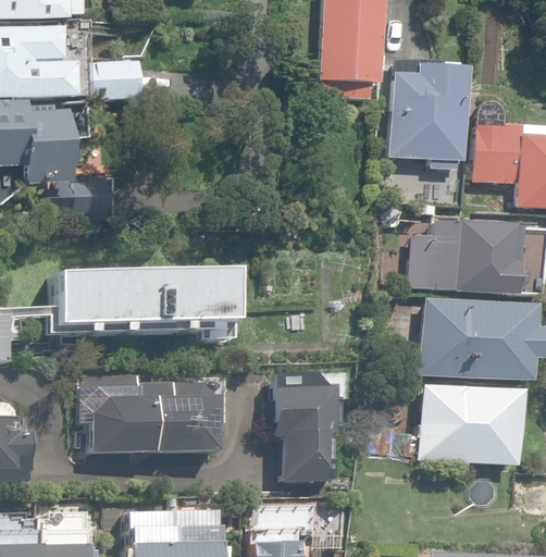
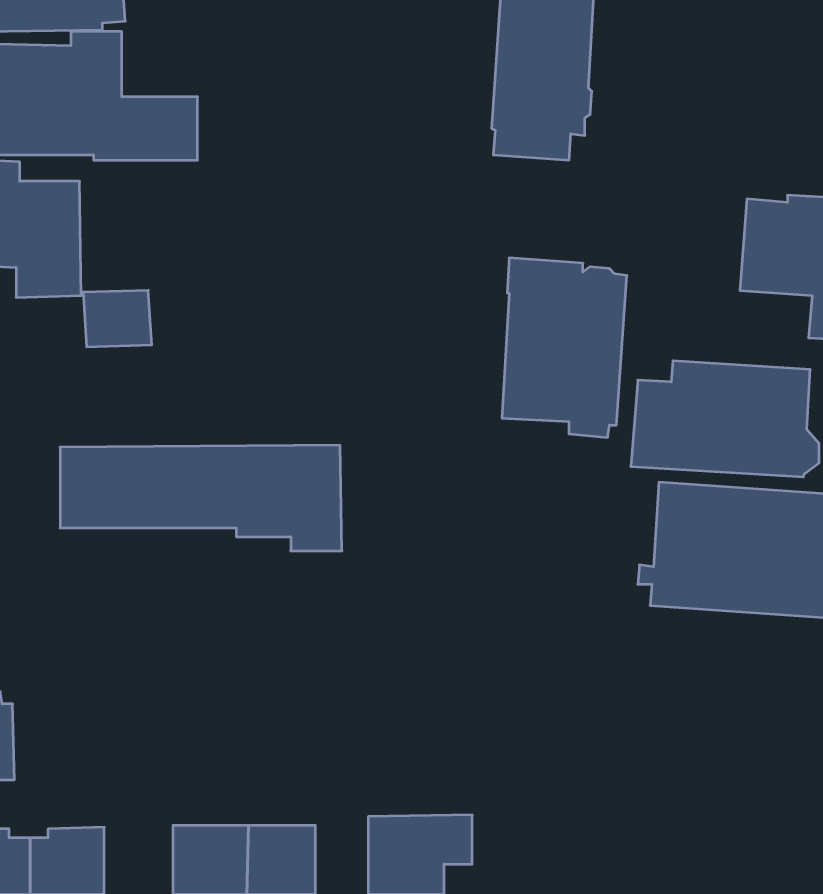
building: [392,58,469,169] -> [502,258,627,437]
building: [274,374,342,479] -> none
building: [78,375,227,451] -> none
building: [373,383,521,466] -> none

